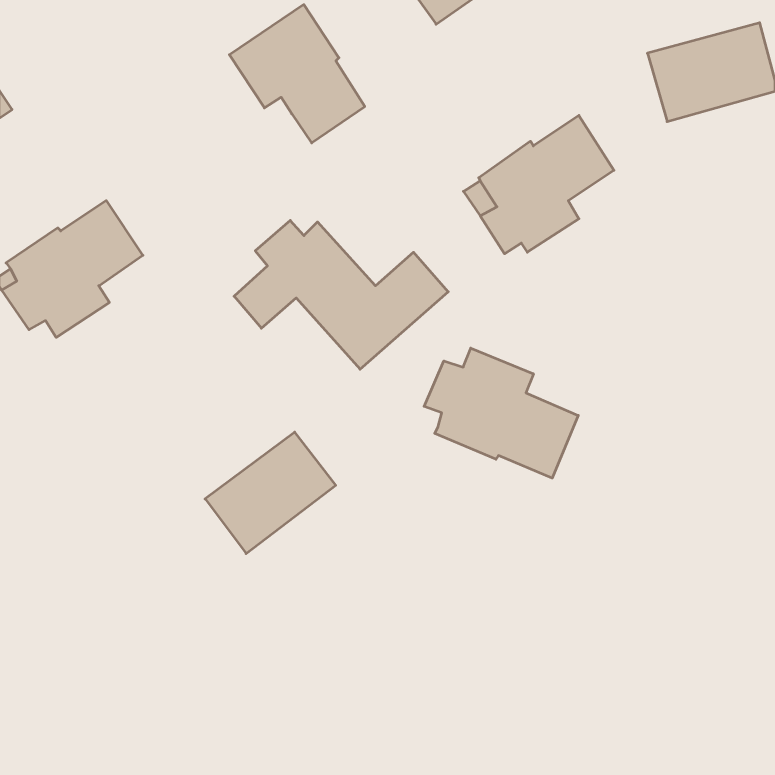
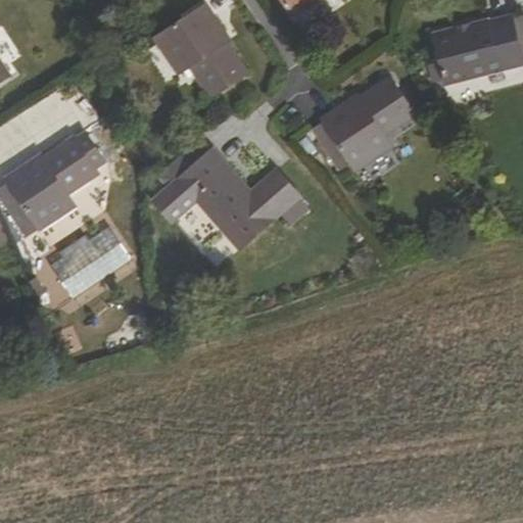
building: [424,348,578,478] -> none
building: [205,432,336,554] -> [42,222,130,303]

